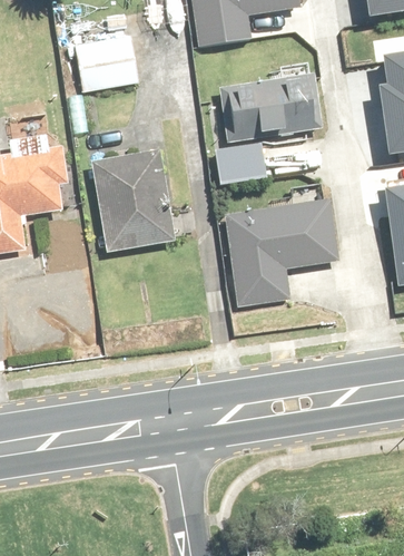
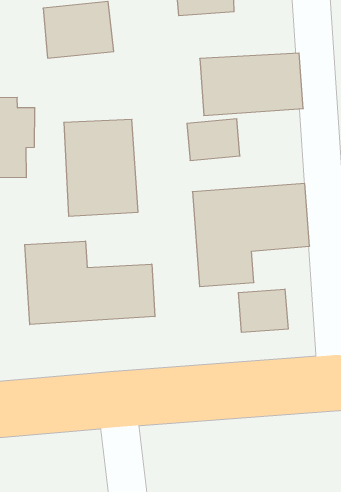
building: none -> [25,241,155,325]
building: none -> [238,289,288,332]

